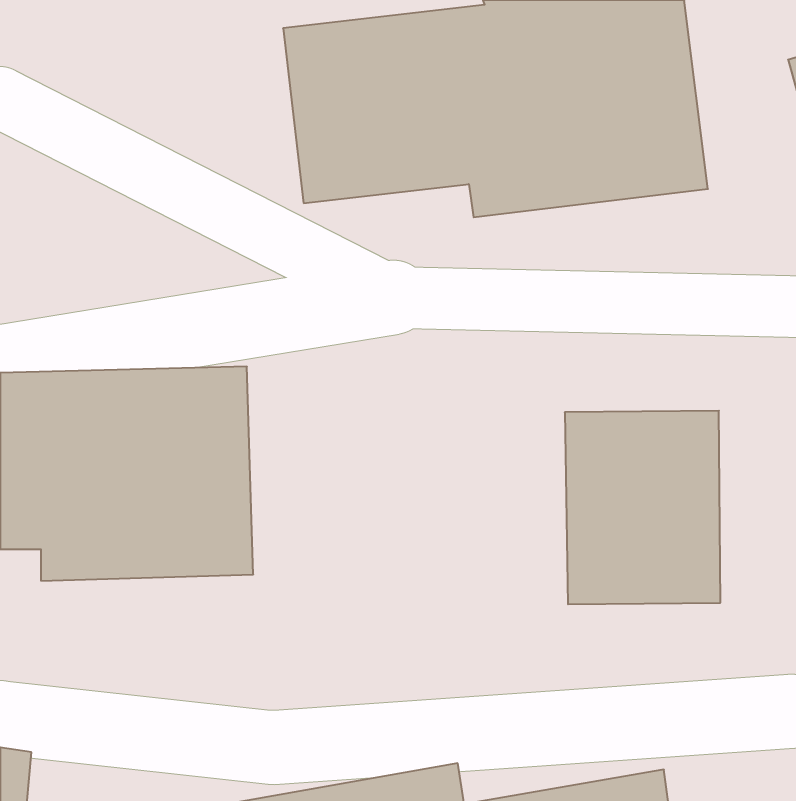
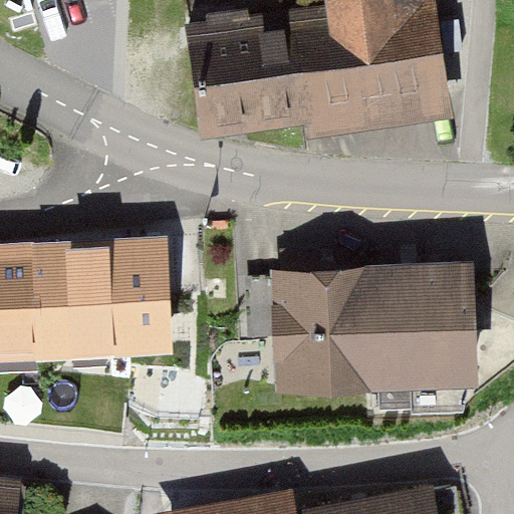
building: none -> [268,265,367,389]

